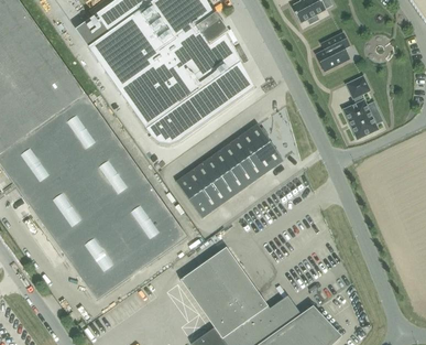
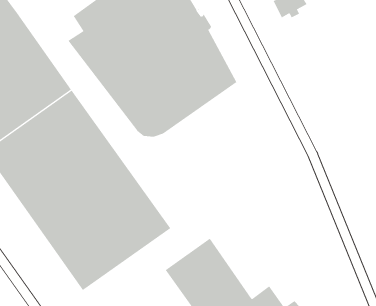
building: [316,31,349,69] -> none
building: [342,75,382,138] -> none
building: [176,122,283,217] -> none

